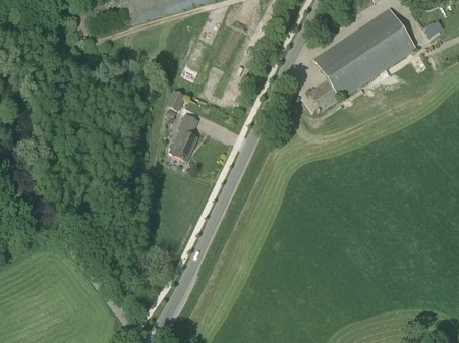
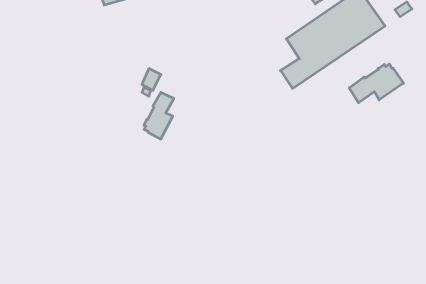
building: none -> [349,64,404,103]

